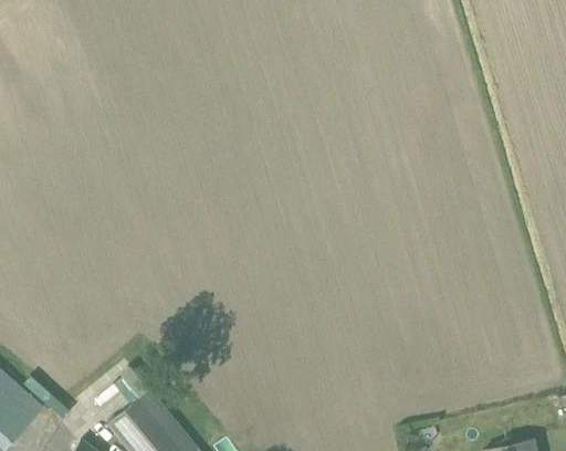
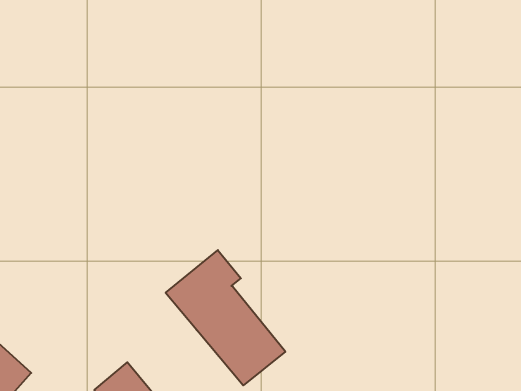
building: none -> [166,250,285,385]

